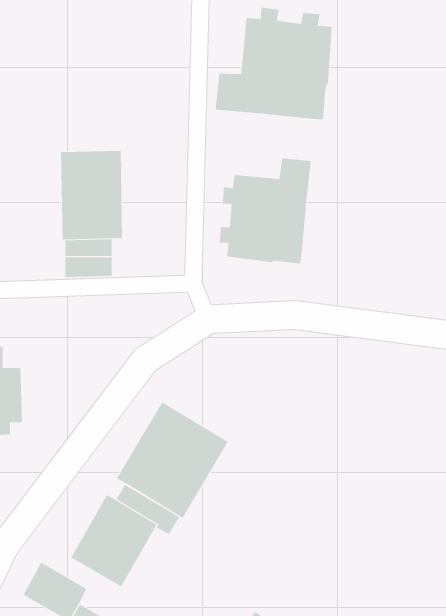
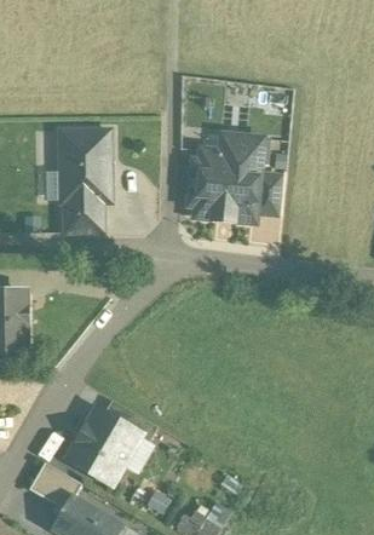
building: [215,7,332,120] -> none
building: none -> [257,173,281,214]
building: [116,402,229,519] -> none

